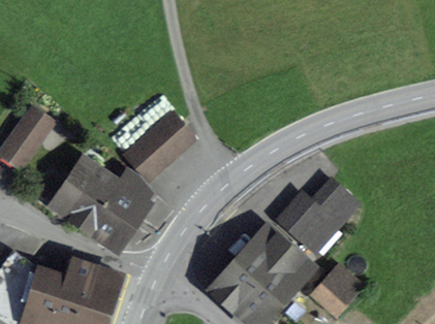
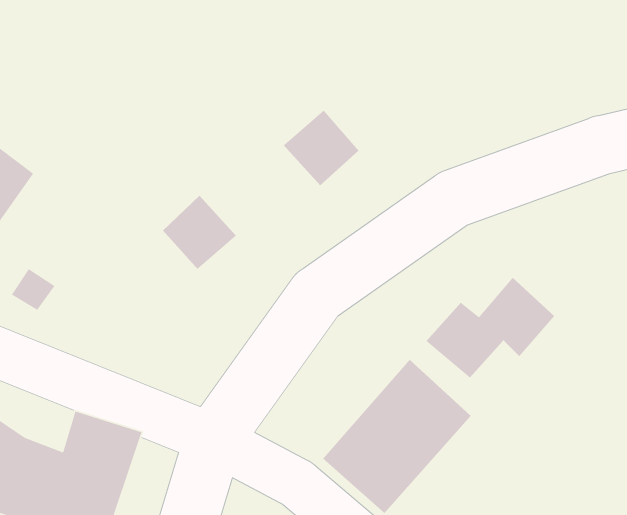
building: [151,115,195,159] -> [283,109,359,186]
building: [63,170,152,240] -> none
building: [317,269,361,313] -> none

